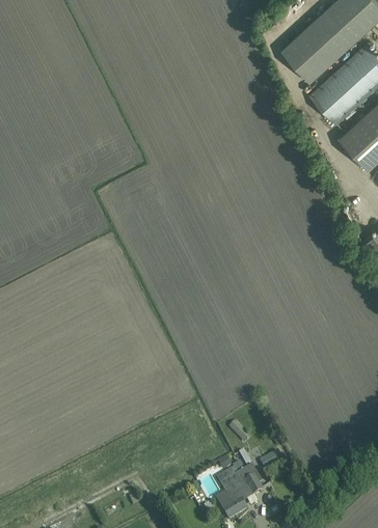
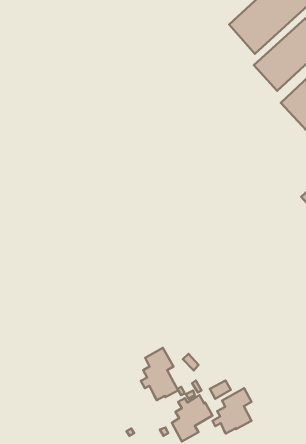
building: none -> [141,348,178,400]
building: none -> [212,388,252,434]

